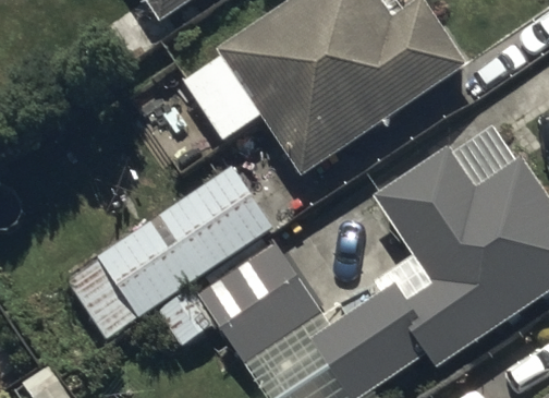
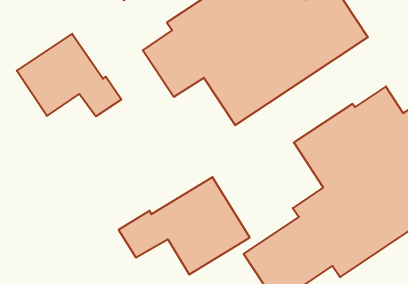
building: none -> [17,34,121,116]
building: [64,168,270,338] -> none

